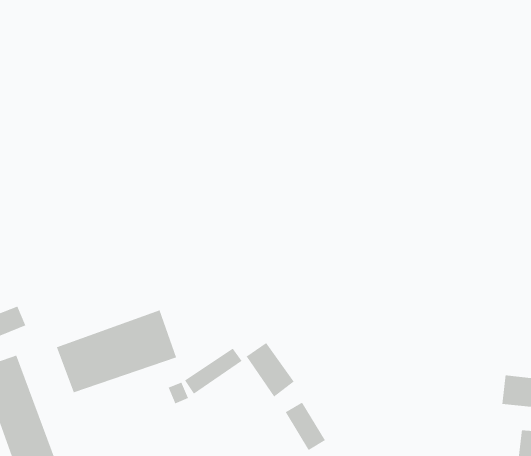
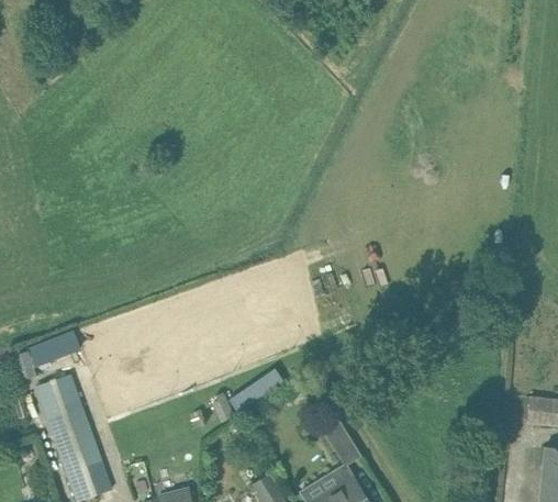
building: [56,310,177,393] -> none
building: [246,342,294,397] -> none

